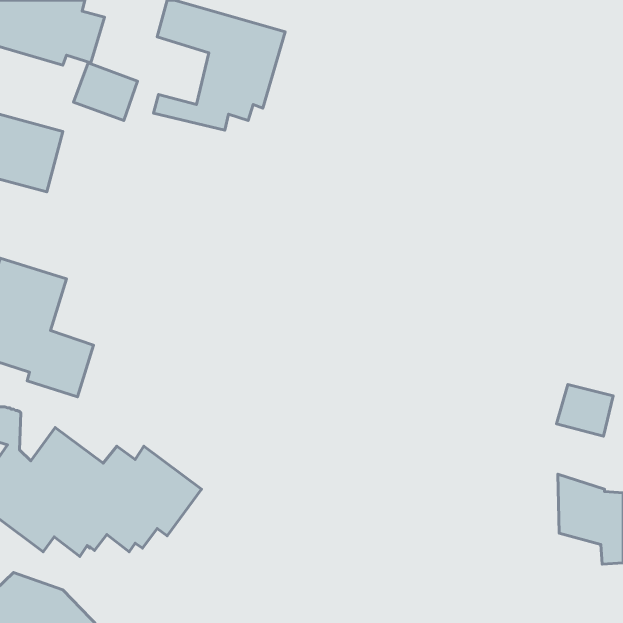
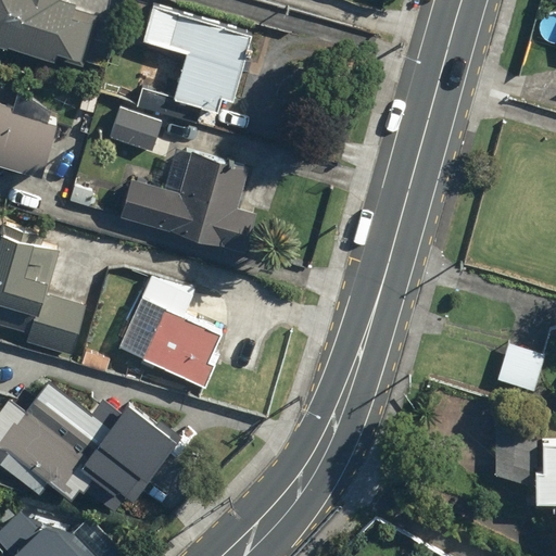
building: [74,63,137,121] -> [109,104,165,155]
building: none -> [118,154,256,253]
building: none -> [119,295,220,388]

